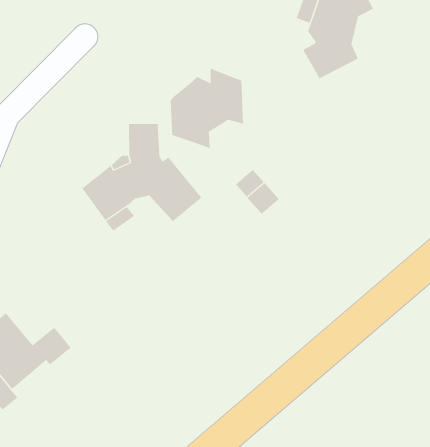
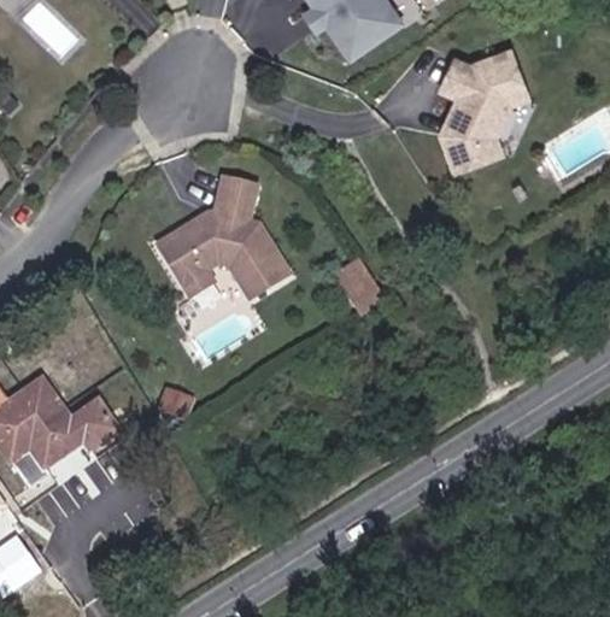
building: [170,68,244,149] -> none

